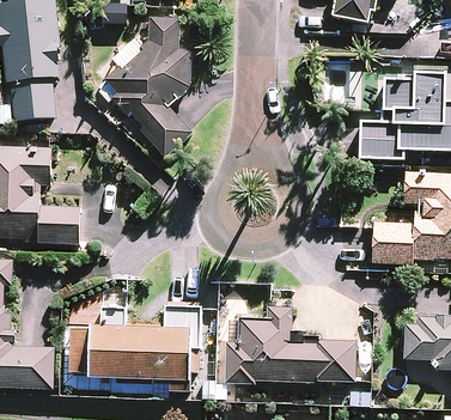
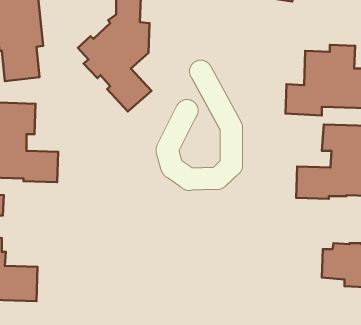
building: [69,304,201,390] -> none
building: [225,306,355,382] -> none

